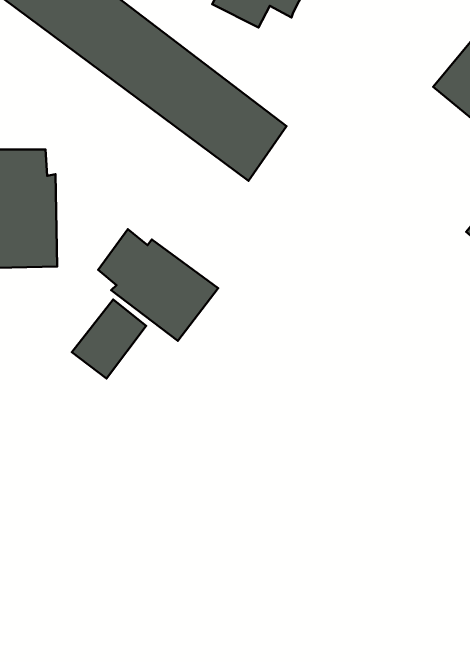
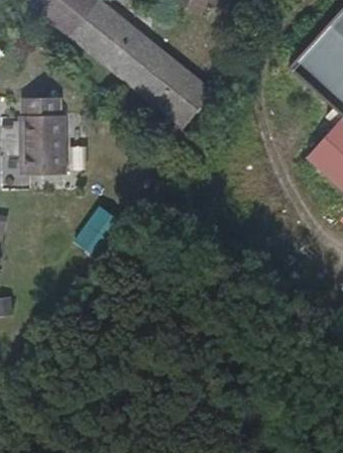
building: [98,229,218,341] -> none

